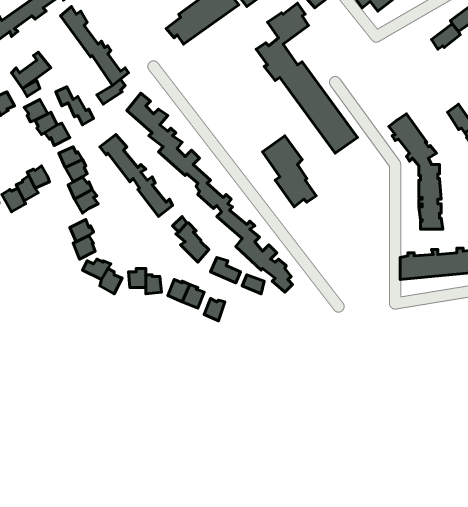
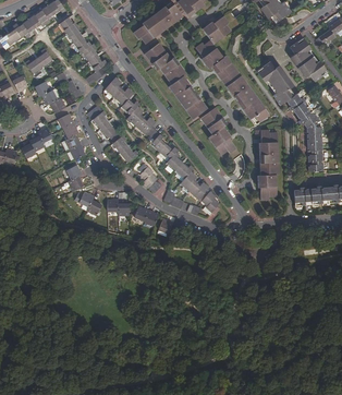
building: none -> [289,36,327,80]
building: none -> [144,41,207,118]
building: none -> [257,60,293,104]
building: none -> [257,129,279,200]

